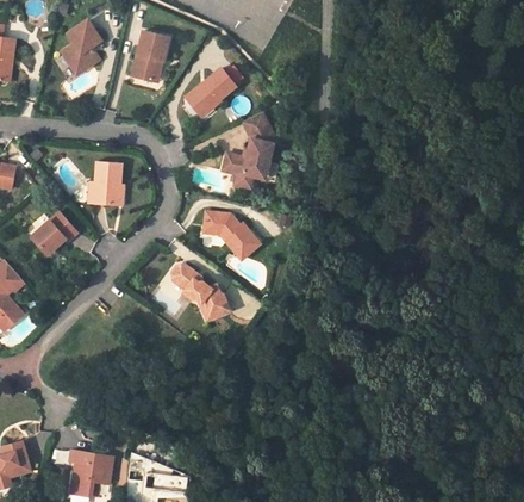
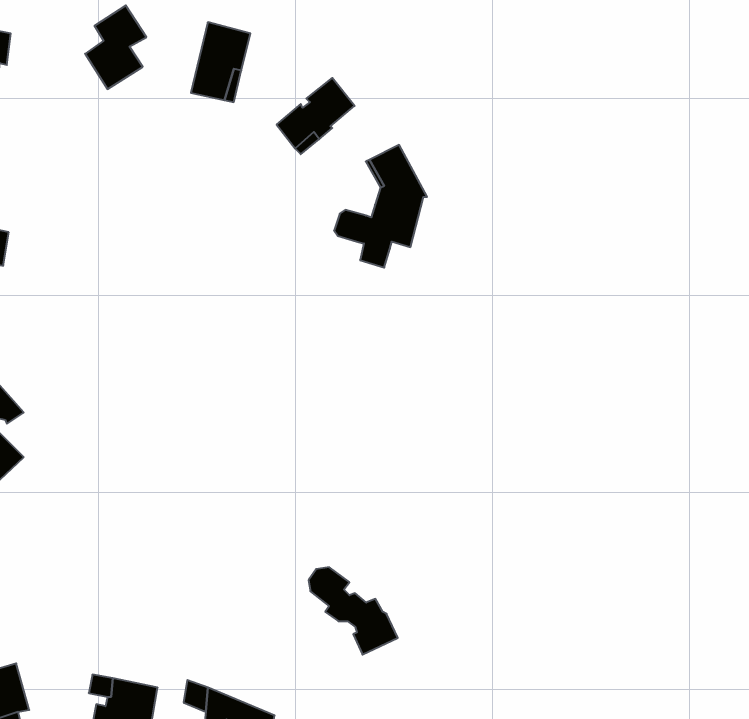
building: [93,160,121,205] -> none
building: [31,211,75,253] -> none
building: [199,211,257,261] -> none
building: [170,265,227,321] -> [309,567,398,655]

